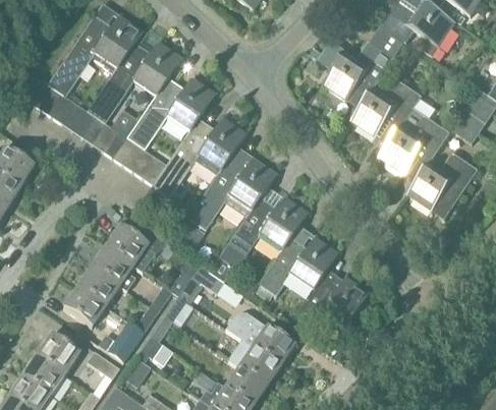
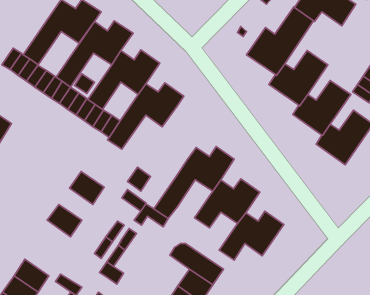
building: [186,145,275,230] -> none
building: [91,246,134,290] -> none
building: [62,286,105,327] -> none
building: [108,323,142,361] -> none

